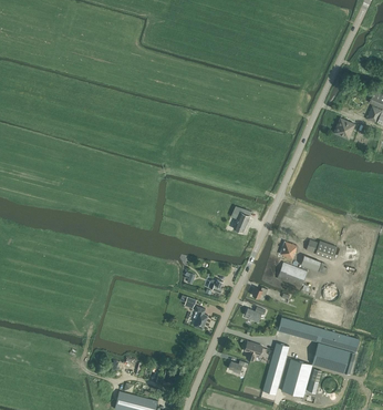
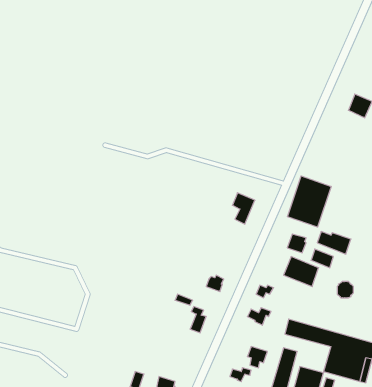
building: none -> [288,176,331,227]

